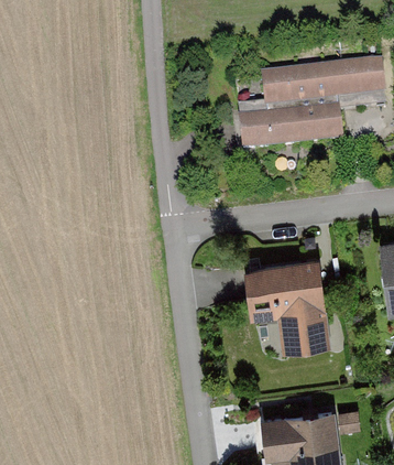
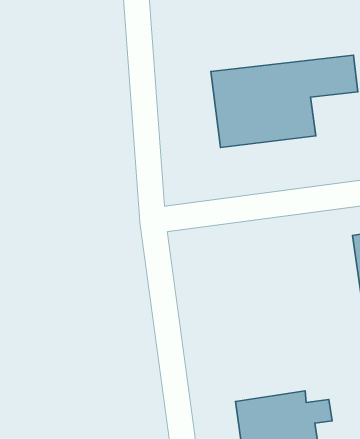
building: [245,256,330,354] -> none

